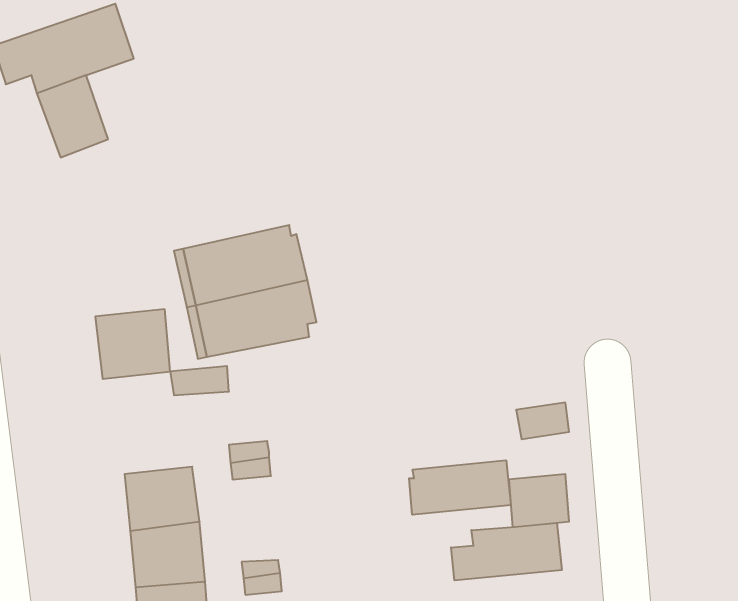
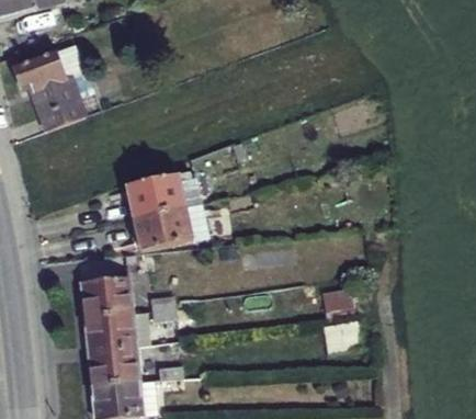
building: [95,309,170,379] -> [84,281,129,322]
building: [409,460,511,515] -> none
building: [451,523,562,580] -> none

